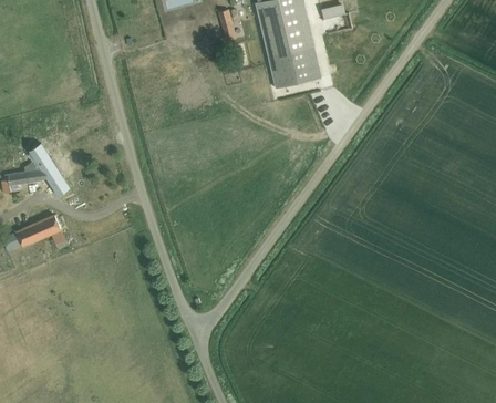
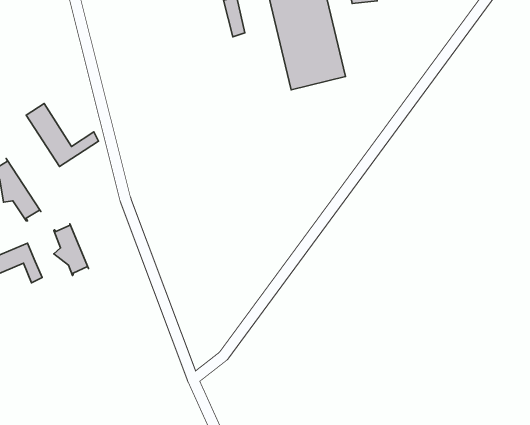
building: none -> [26,104,99,166]
building: none -> [54,224,89,275]

